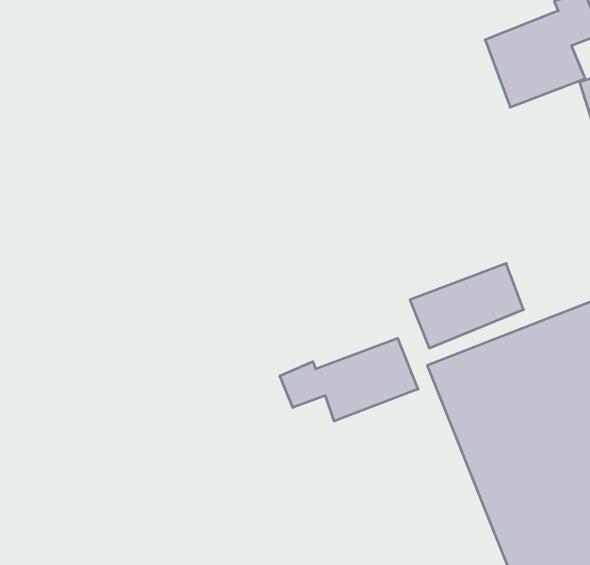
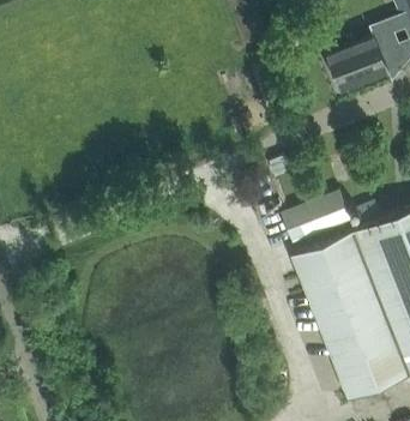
building: [280,338,418,421] -> none

